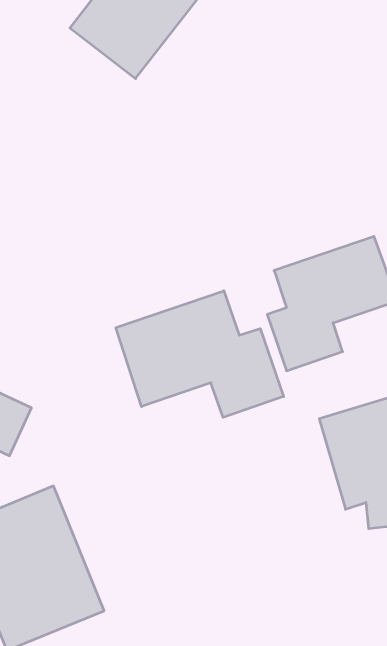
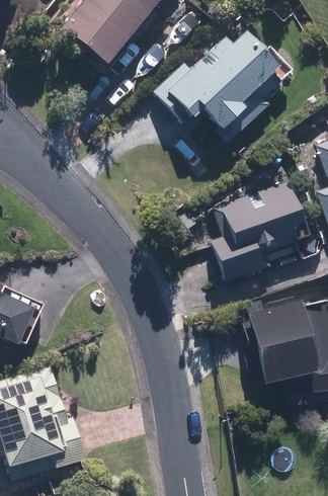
building: none -> [152,26,283,144]
building: [116,291,284,417] -> none

